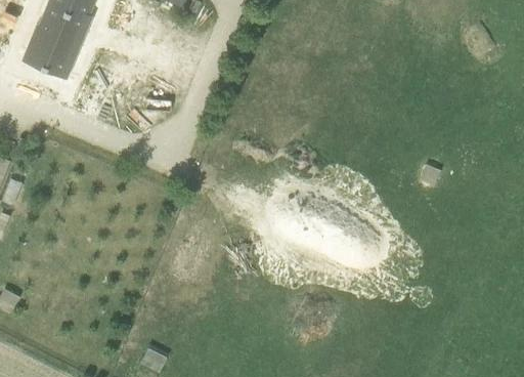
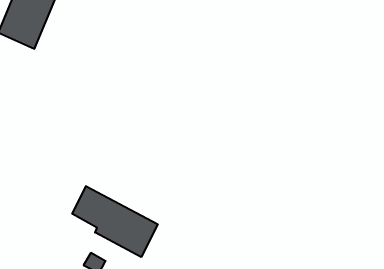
building: none -> [72,186,158,257]

